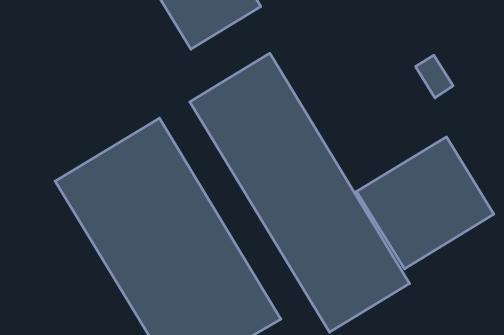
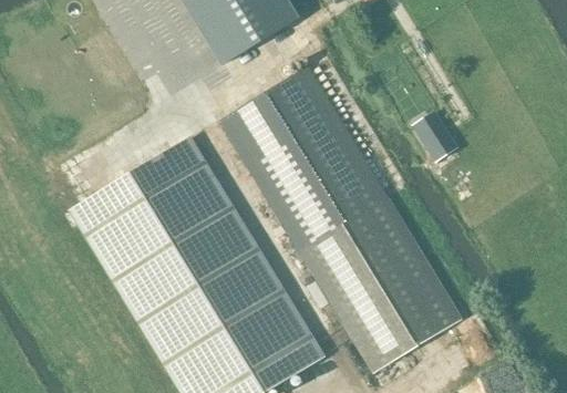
building: [416,55,453,98] -> [413,108,454,155]
building: [356,137,494,269] -> none

